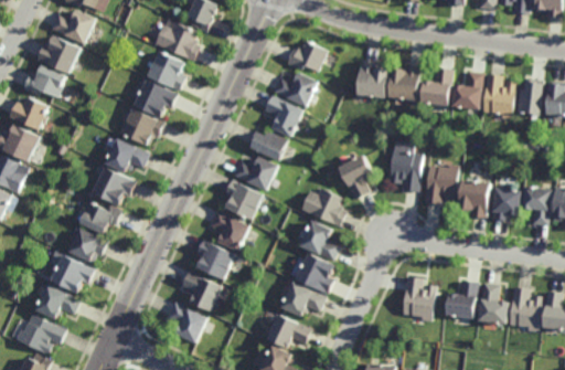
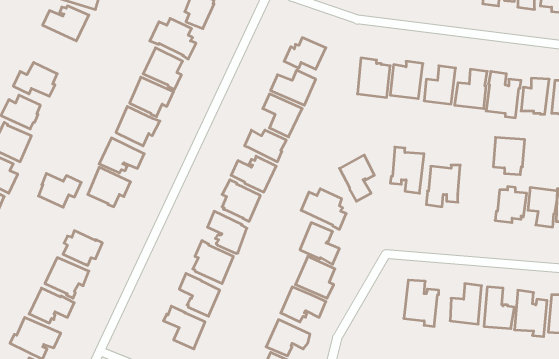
building: [35,34,78,72] -> none
building: [459,181,490,218] -> [493,137,525,175]
building: [79,201,121,234] -> [38,173,81,207]

